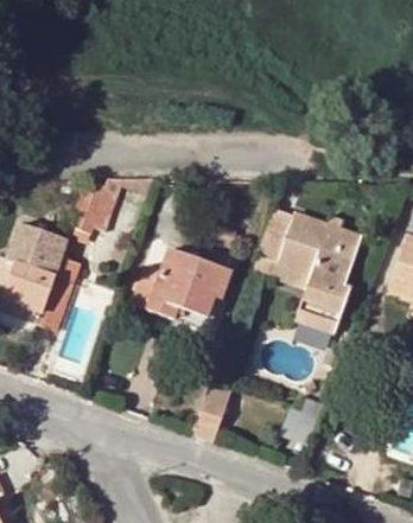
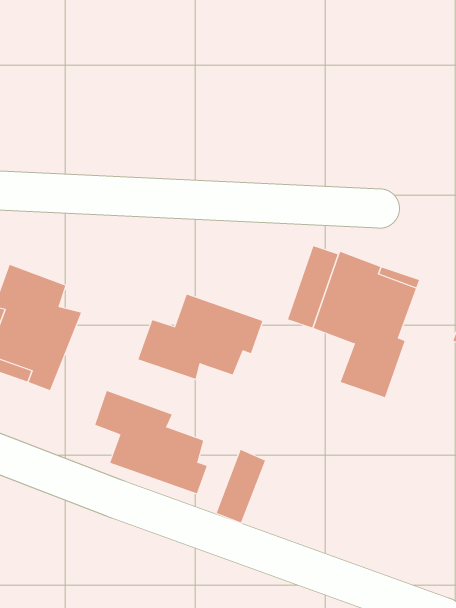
building: [71,179,114,234] -> none
building: none -> [94,390,207,494]

